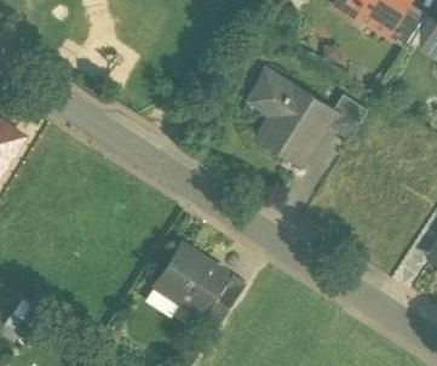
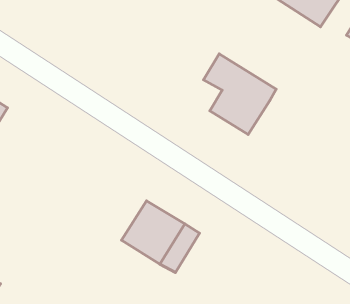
building: [327,99,366,139] -> none

